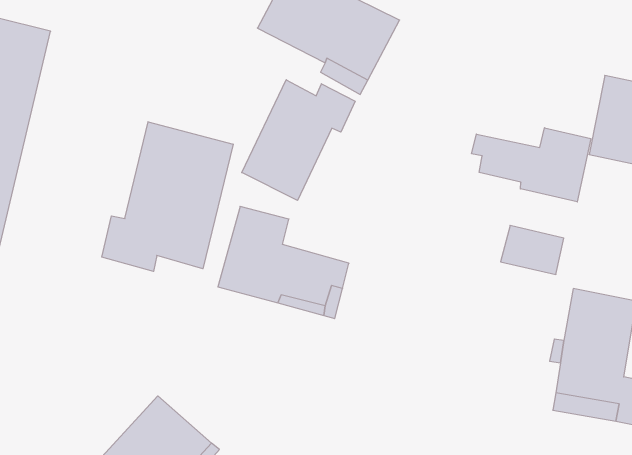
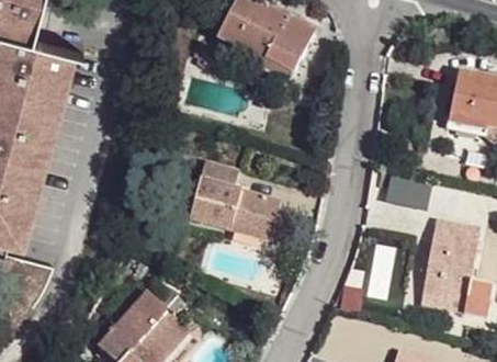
building: [242,80,355,200] -> none
building: [102,122,233,271] -> none
building: [472,128,591,202] -> none

